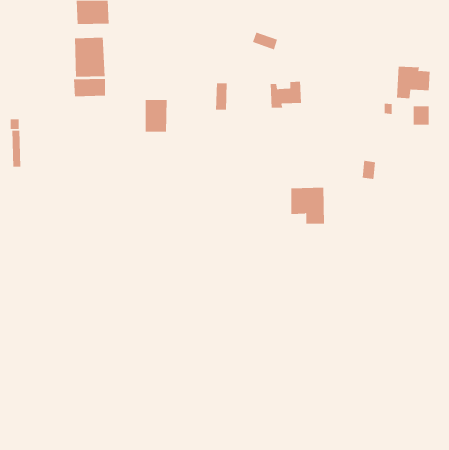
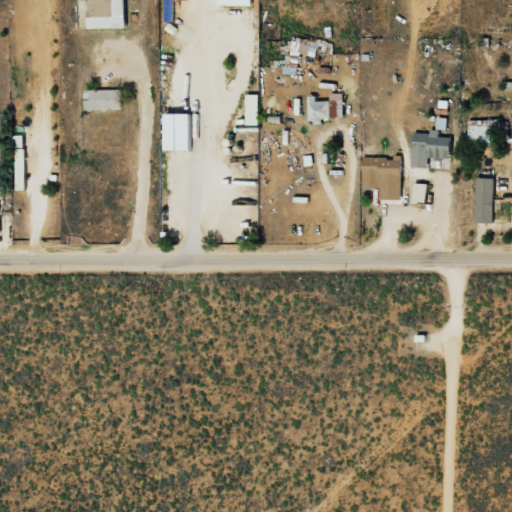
building: [74,37,105,78] -> none
building: [396,66,431,99] -> [410,131,449,168]
building: none -> [474,177,492,222]
building: [291,187,325,224] -> [361,157,400,199]

